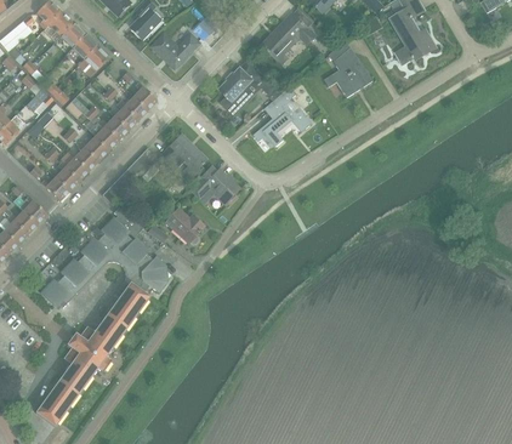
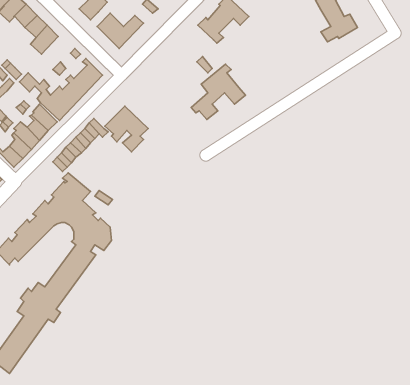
building: [324,41,372,97] -> none
building: [218,67,254,106] -> none
building: [188,166,238,203] -> none
building: [164,206,204,244] -> none

